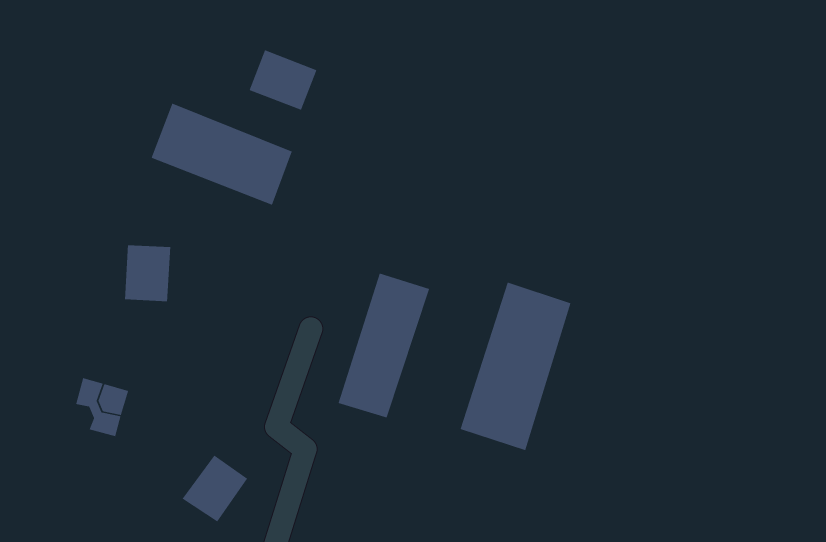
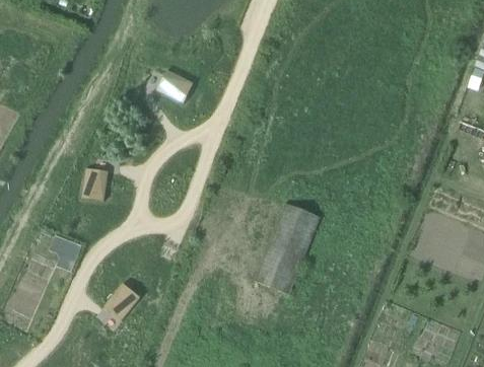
building: [150,103,293,206] -> none
building: [337,273,430,419] -> none

